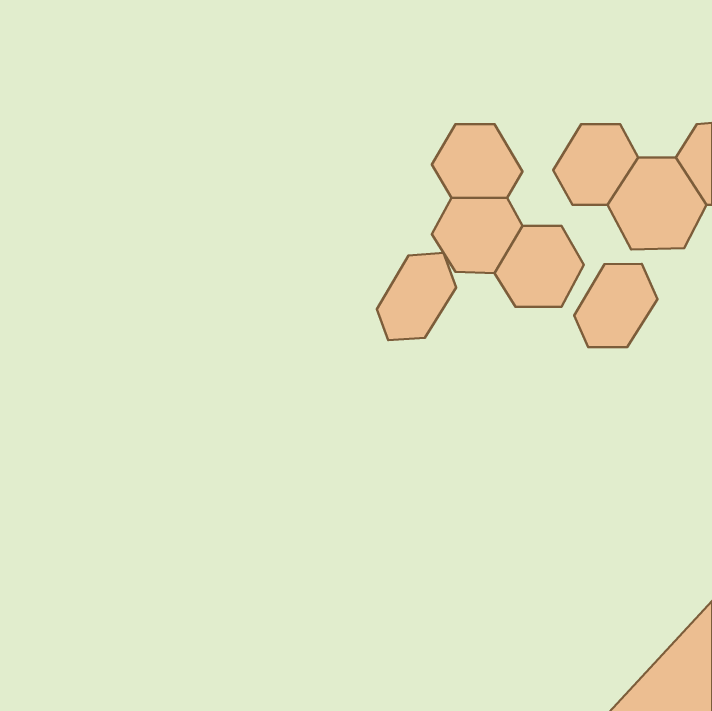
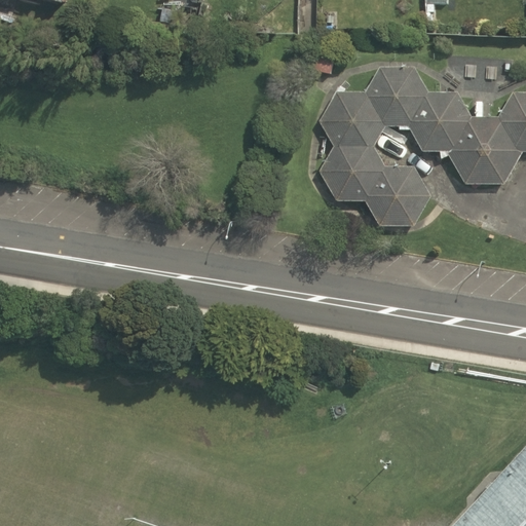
building: none -> [365,68,428,127]
building: [377,253,456,340] -> none
building: [574,264,657,347] -> none

